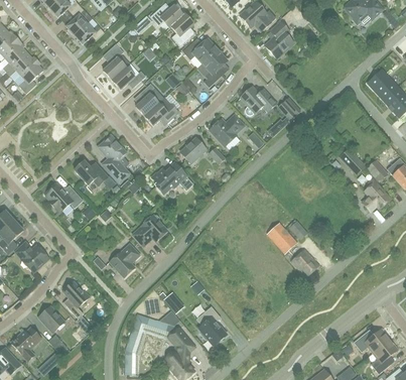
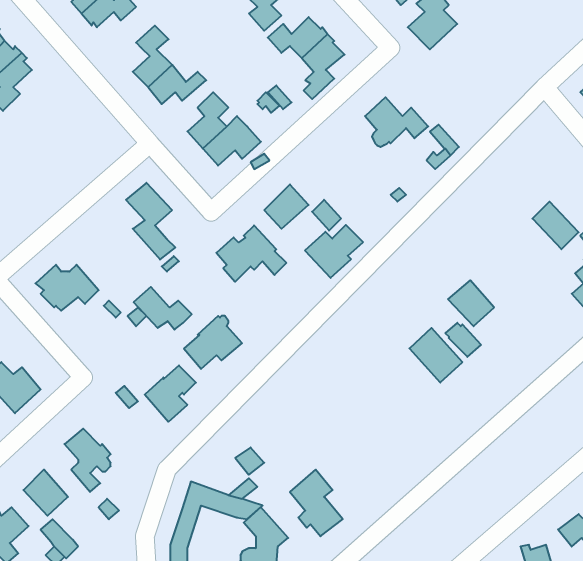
building: [210,114,244,145] -> [305,225,363,278]
building: [74,159,108,184] -> [134,287,192,330]
building: [291,248,318,275] -> [448,280,494,326]

